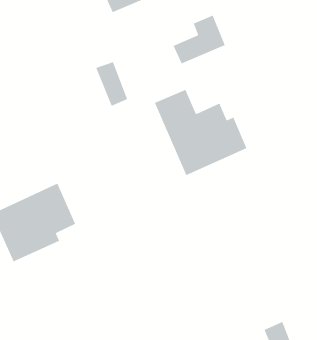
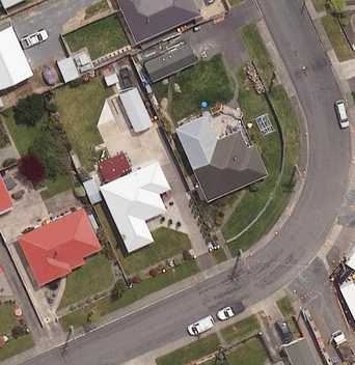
building: [173,15,226,65] -> [145,32,197,81]
building: none -> [84,159,170,249]

